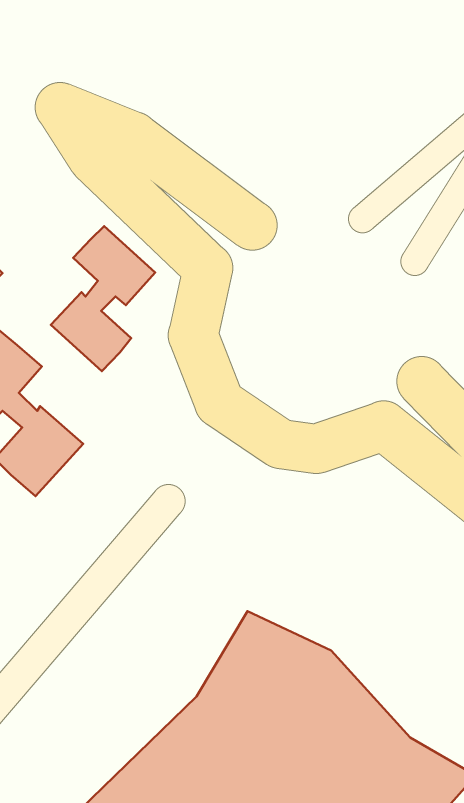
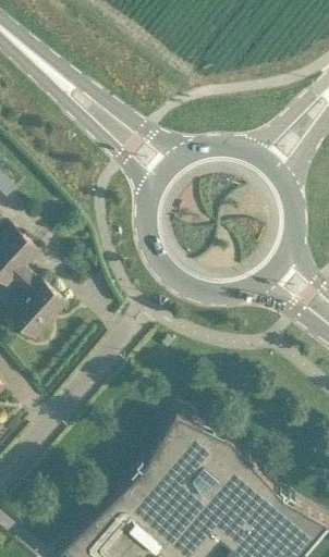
building: [51,226,155,371] -> none

